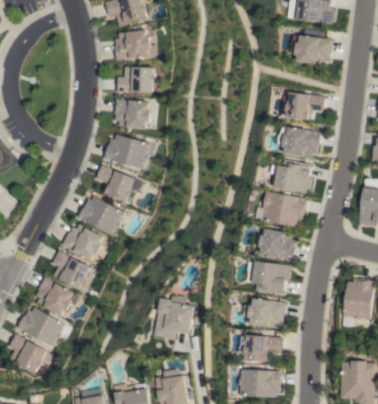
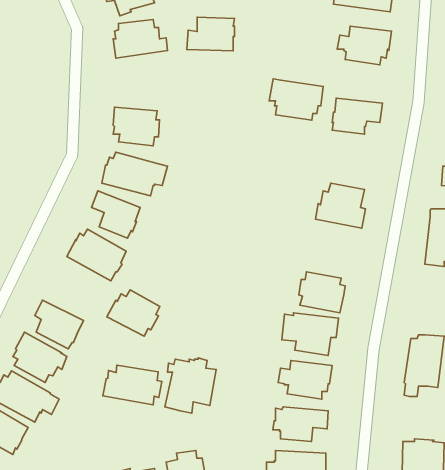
building: [116,67,153,93] -> [187,17,235,51]
building: [279,126,321,158] -> [269,79,323,120]
building: [262,191,307,227] -> none
building: [61,224,102,260] -> [107,290,160,336]
building: none -> [103,365,162,405]

